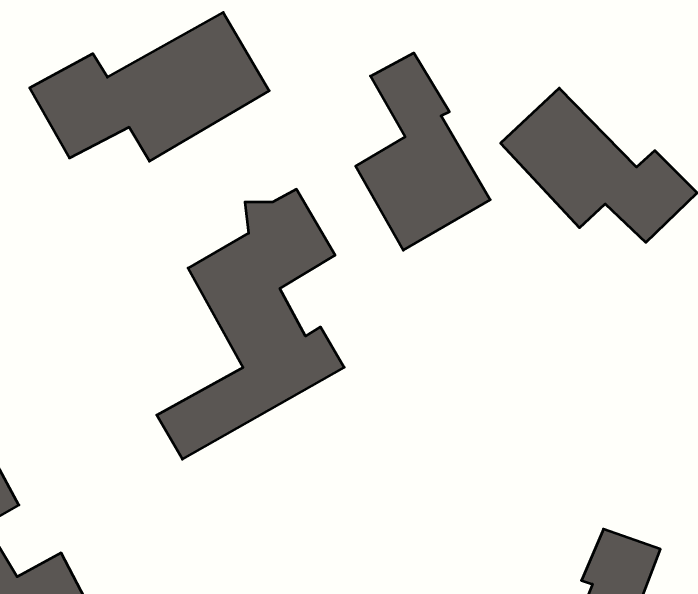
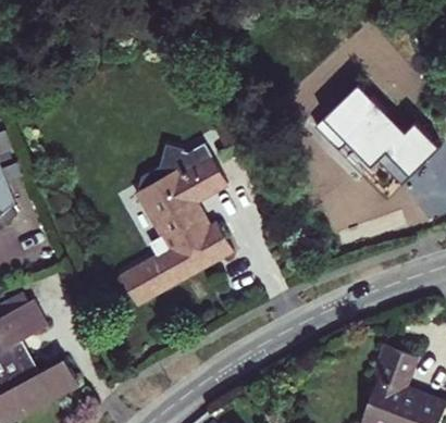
building: [30,12,269,161] -> none
building: [356,53,490,250] -> none

